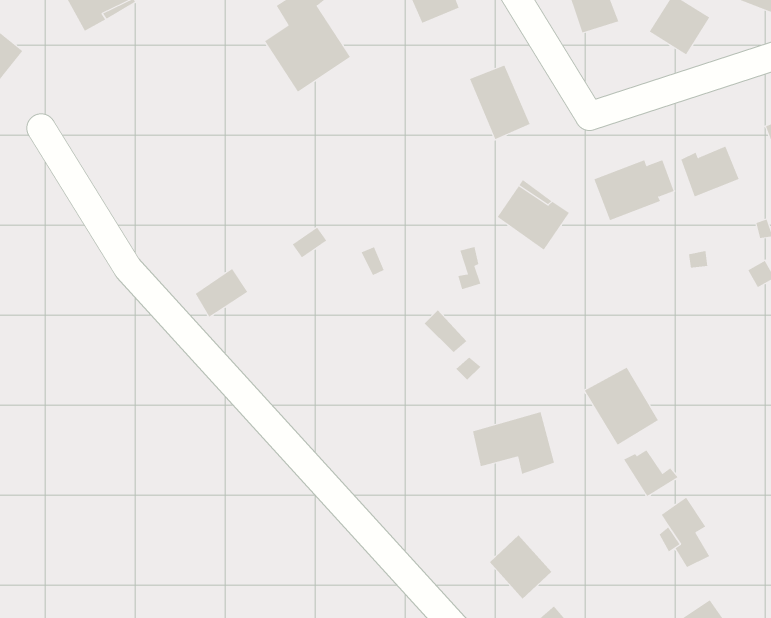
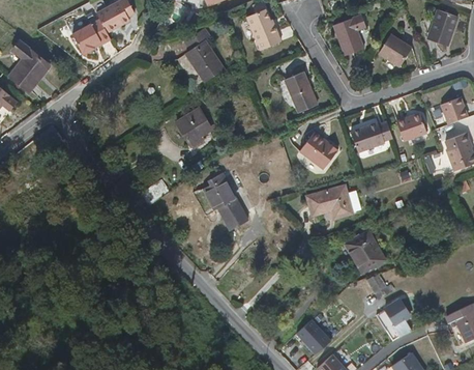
building: none -> [177,107,212,146]
building: none -> [203,172,249,230]
building: [472,411,555,475] -> [308,184,352,218]

